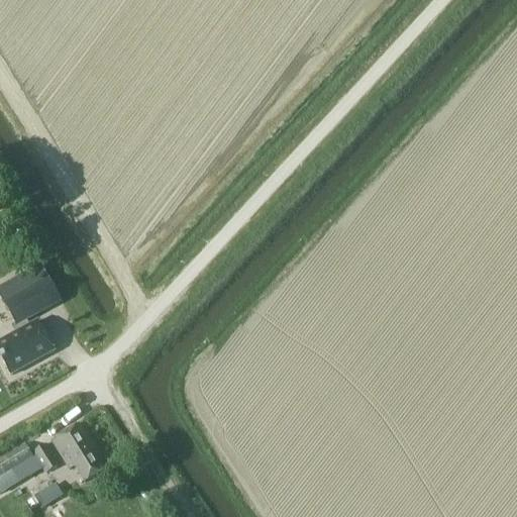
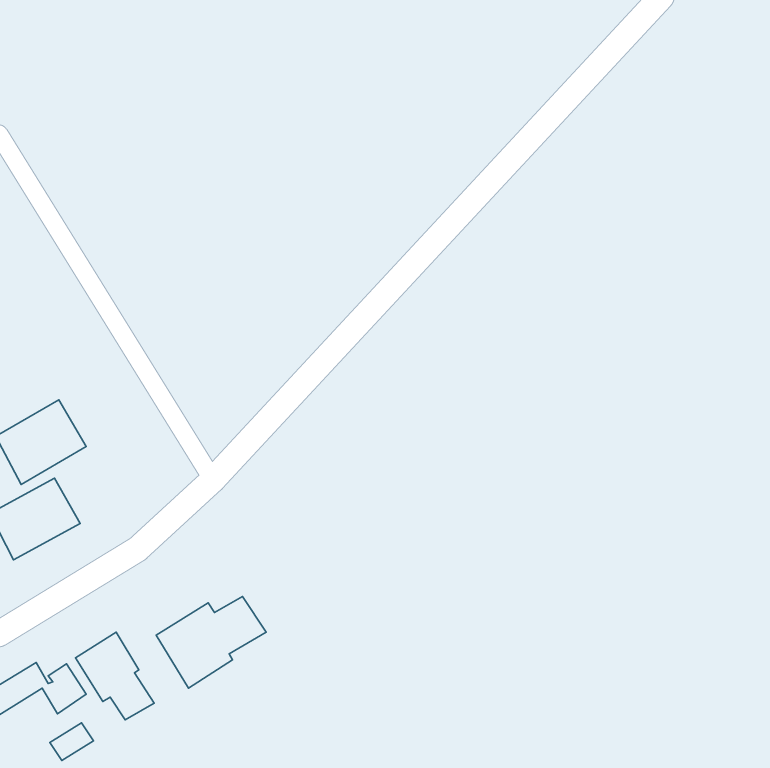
building: none -> [156,596,266,688]

